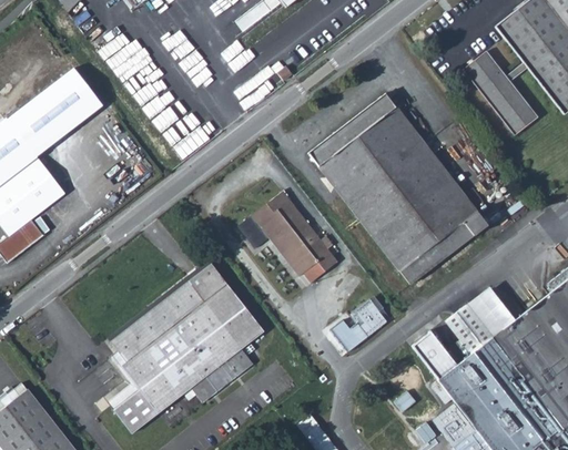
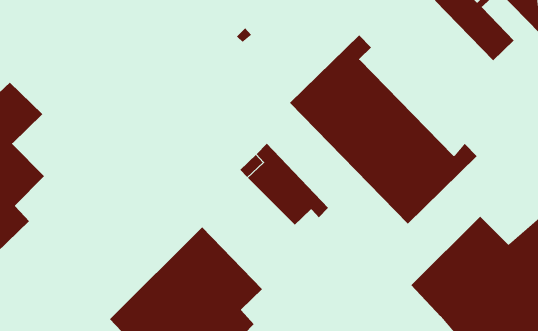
building: [39,72,101,134] -> none
building: [385,108,478,223] -> none
building: [329,304,386,356] -> none

